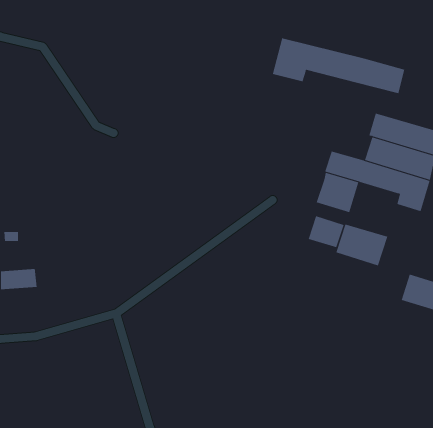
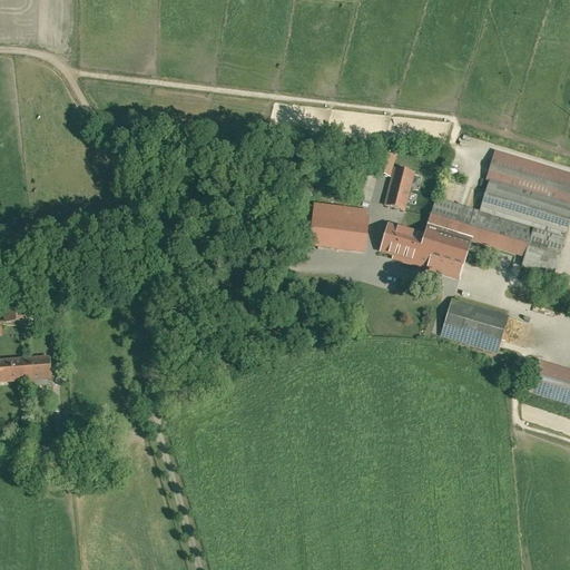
building: [272,37,405,94] -> none
building: none -> [384,167,414,207]
building: none -> [307,207,370,255]
building: [308,216,344,248] -> [377,224,425,266]

